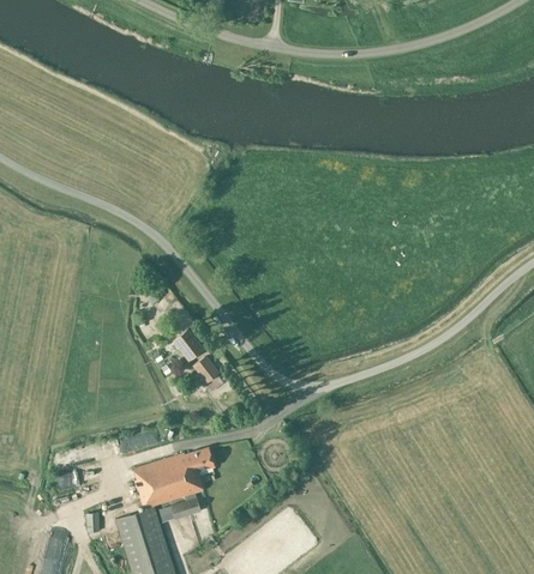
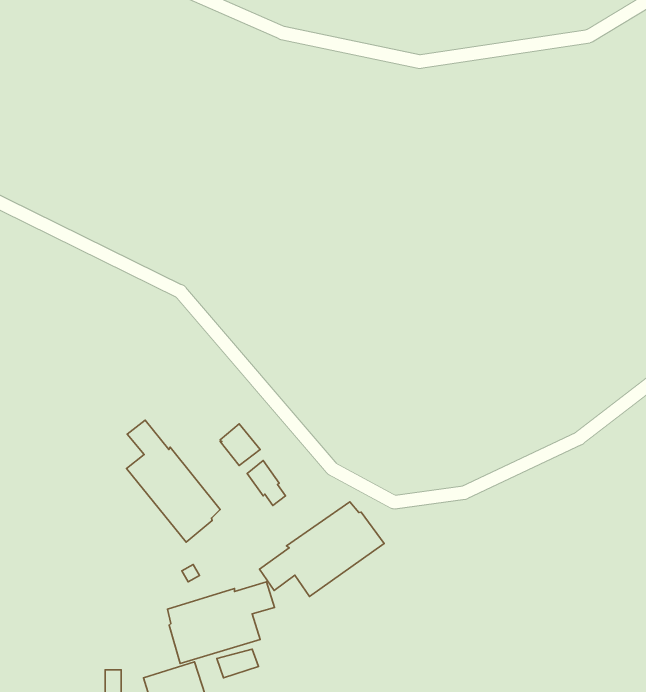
building: none -> [126,420,220,542]
building: none -> [259,502,384,597]

